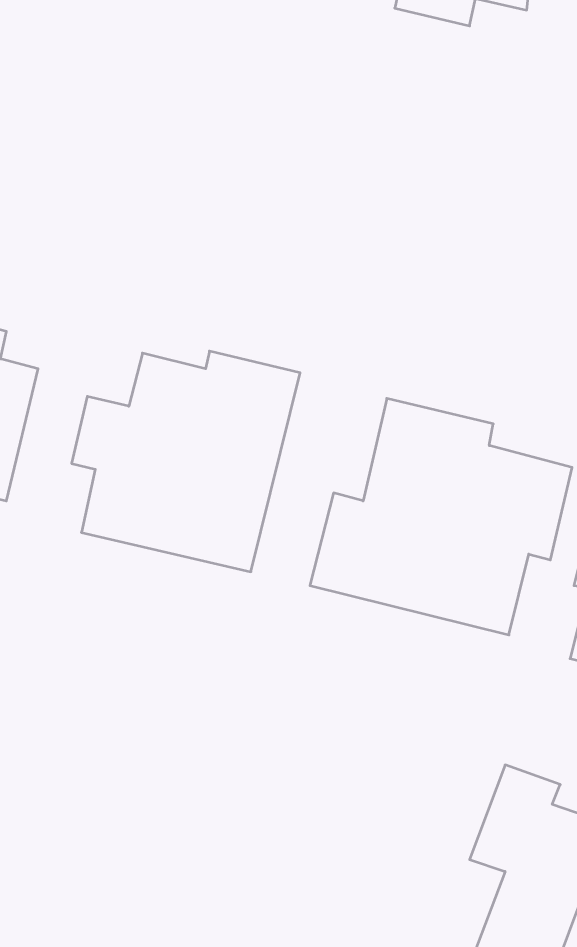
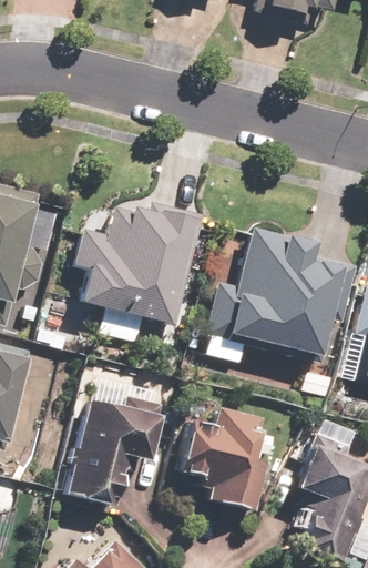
building: none -> [69,396,163,501]
building: none -> [181,408,269,510]

